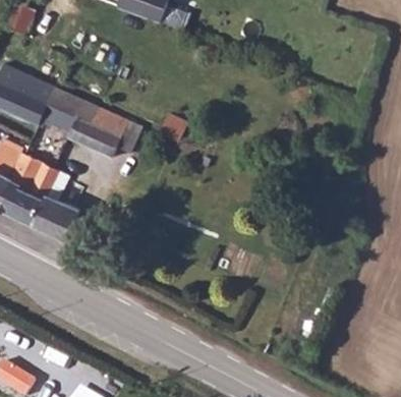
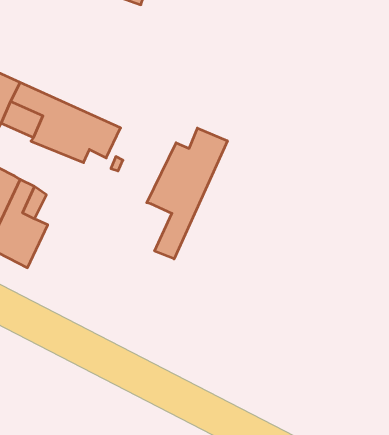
building: none -> [147,128,227,259]

